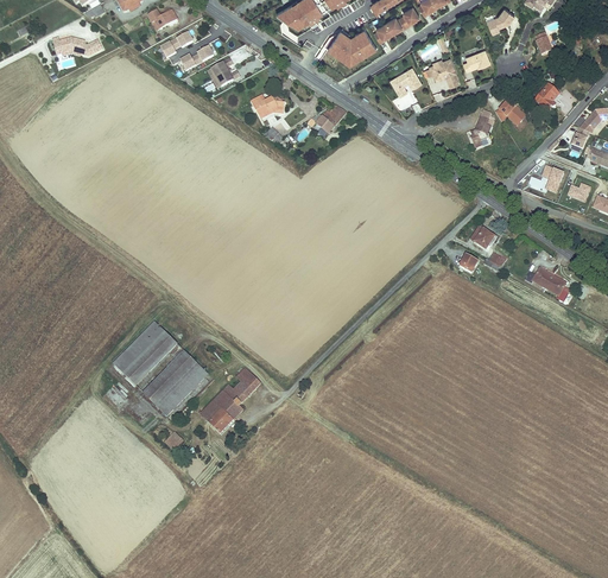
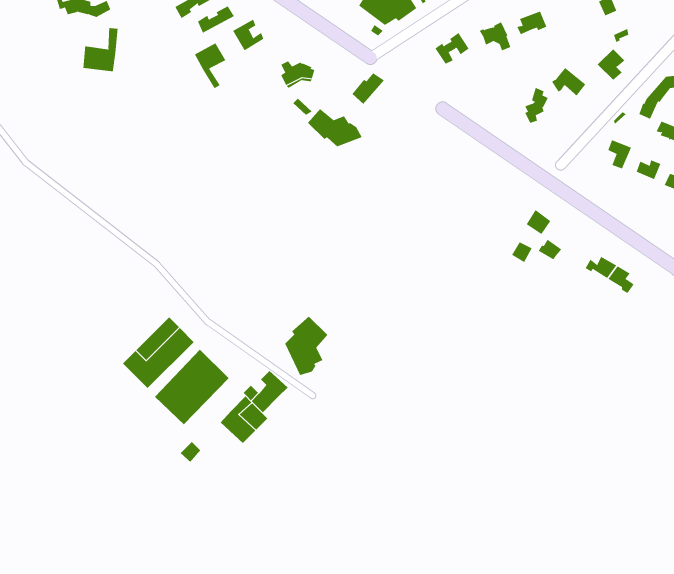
building: none -> [83,27,118,72]
building: none -> [194,43,226,89]
building: none -> [307,108,363,147]
building: none -> [285,316,328,376]

